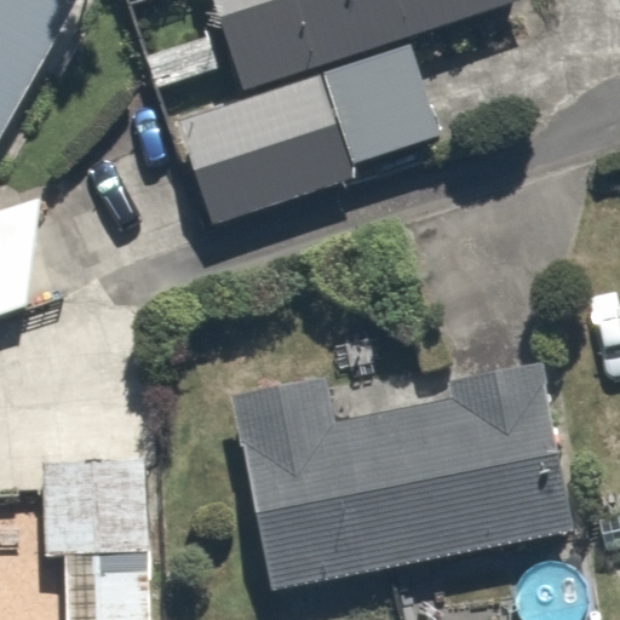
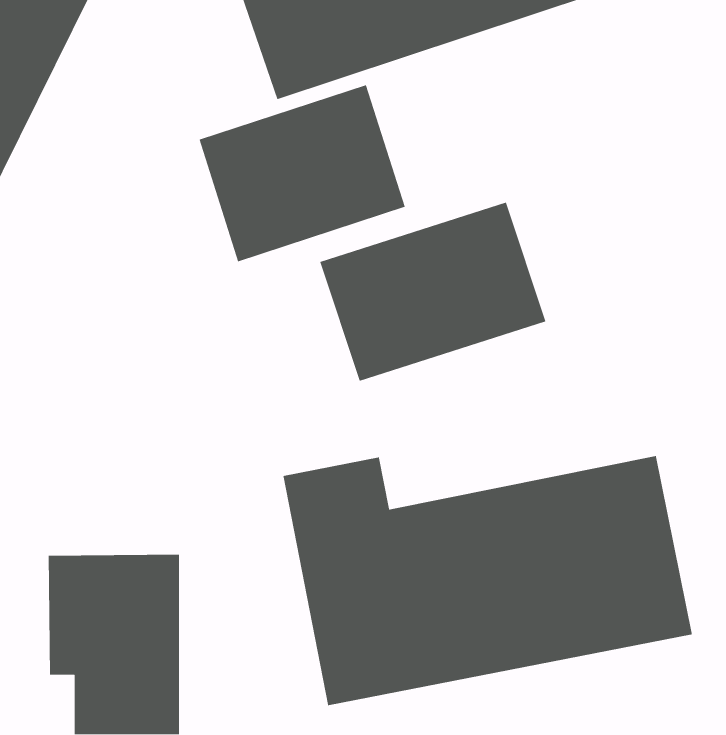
building: [311,38,427,157] -> none
building: none -> [319,202,546,382]

